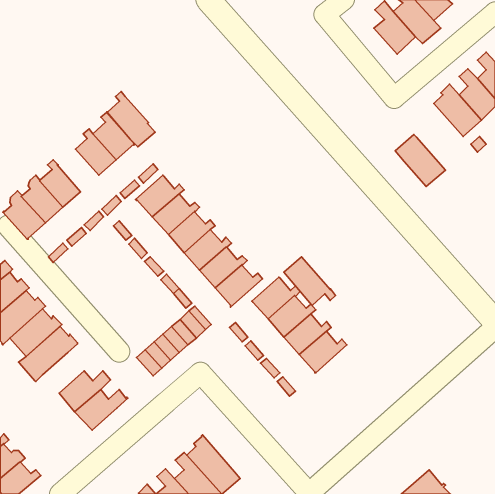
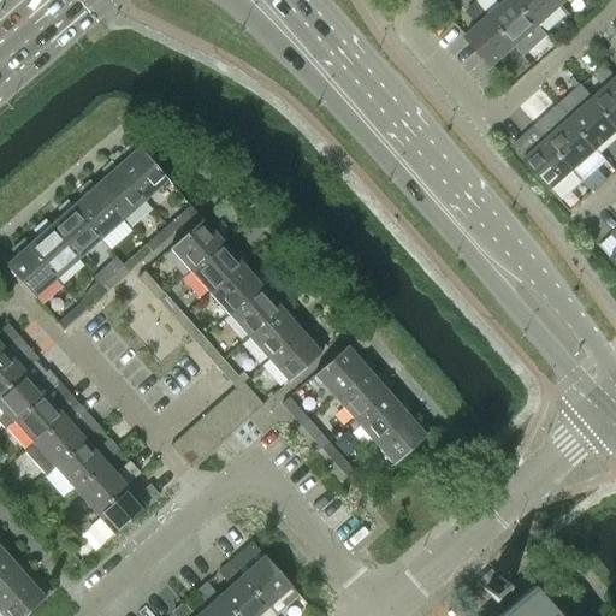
building: [107,92,155,147] -> [71,179,131,248]
building: [395,134,446,187] -> [513,125,575,190]
building: [284,257,336,305] -> none
building: none -> [53,438,117,488]

